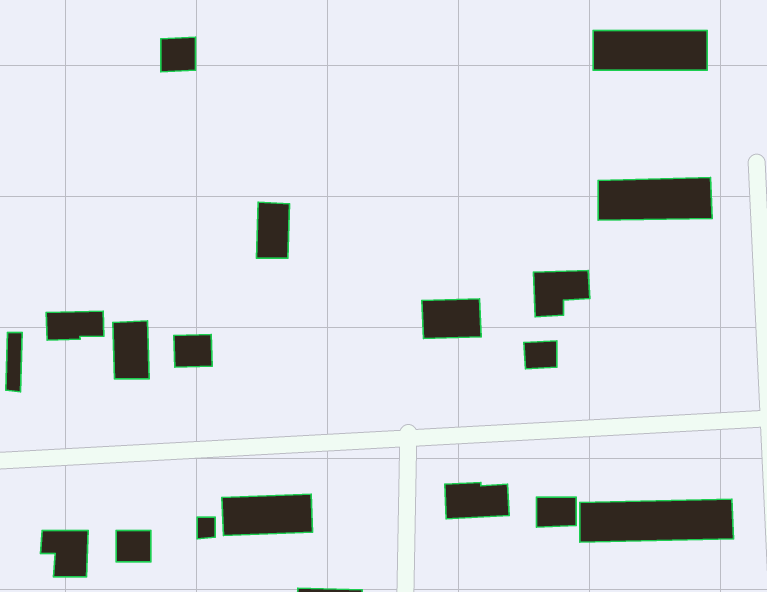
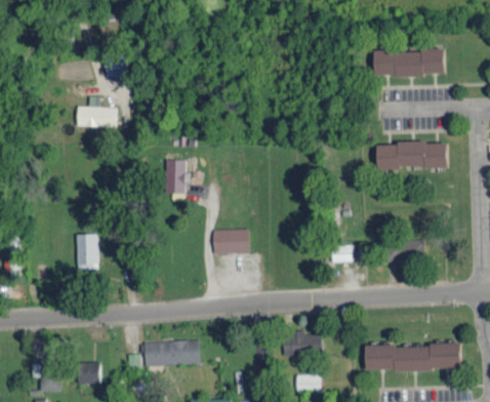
building: none -> [77,96,116,127]
building: [534,271,590,317] -> [390,239,424,268]
building: [422,299,481,338] -> [212,228,249,252]
building: [46,311,104,340] -> none
building: [174,334,212,367] -> none
building: [536,497,576,527] -> [296,373,321,392]

